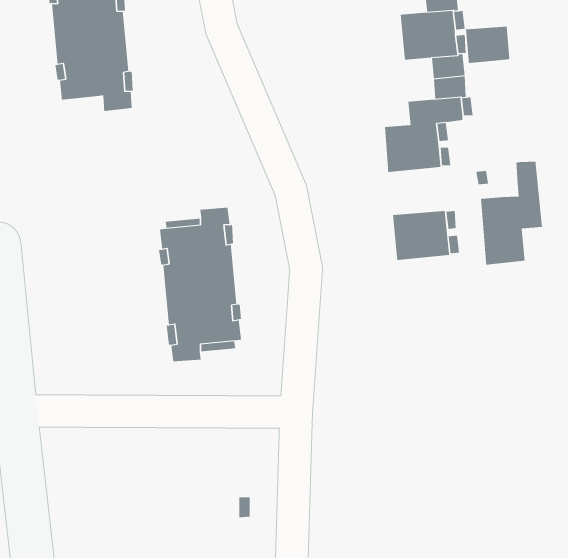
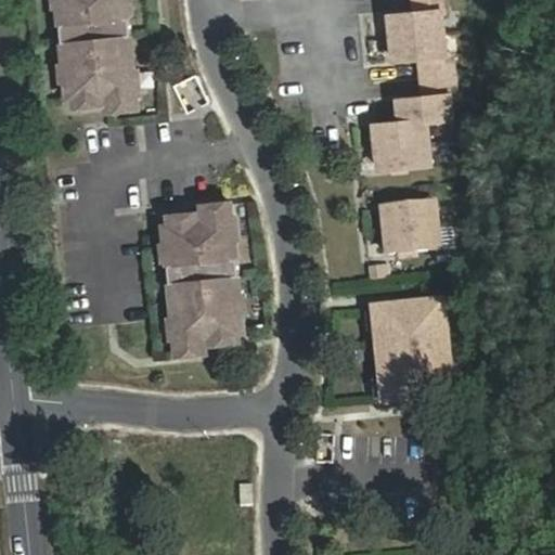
building: [466,26,510,64] -> none
building: [480,161,542,266] -> none
building: none -> [375,287,459,396]

